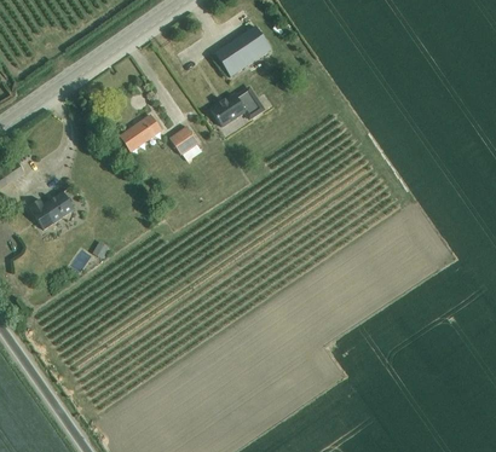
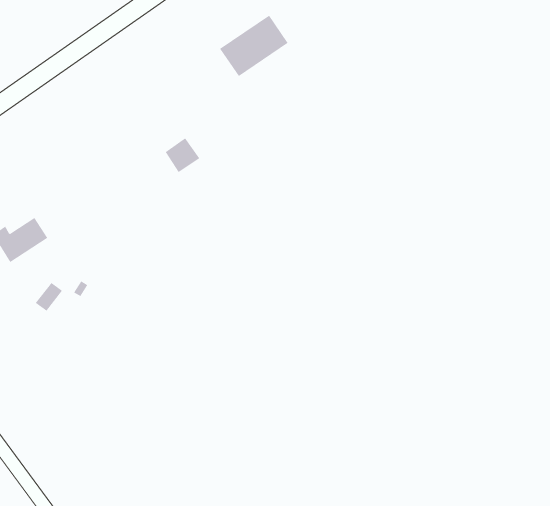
building: [212,88,265,126] -> none
building: [121,115,162,151] -> none

